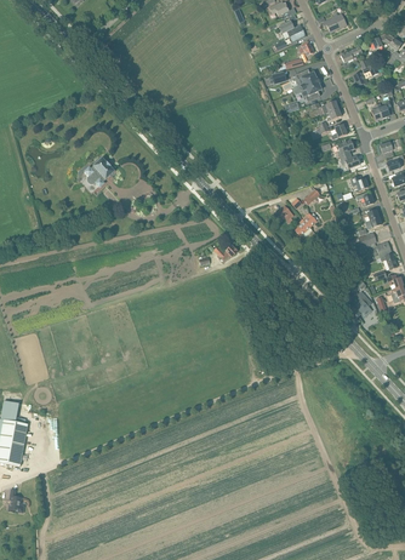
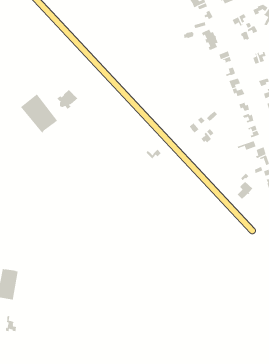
building: none -> [20,94,58,133]

